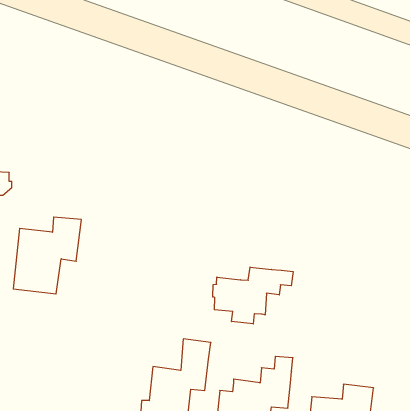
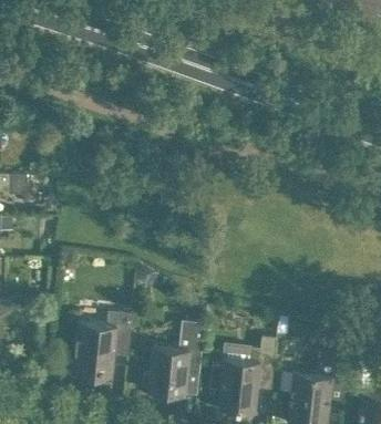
building: [13,217,81,294] -> [73,314,133,382]
building: [213,267,293,324] -> none

